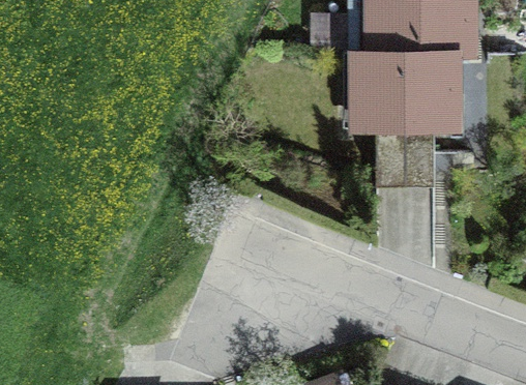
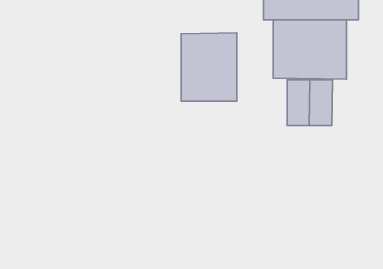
building: none -> [181,33,237,101]

